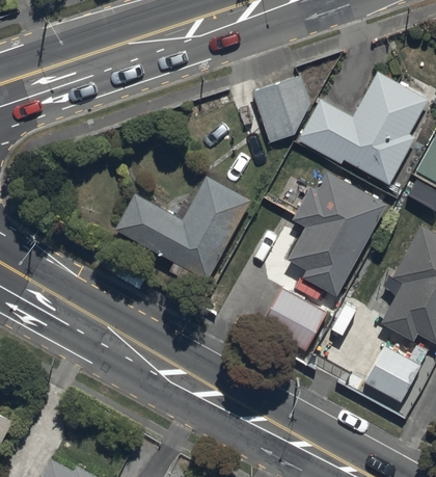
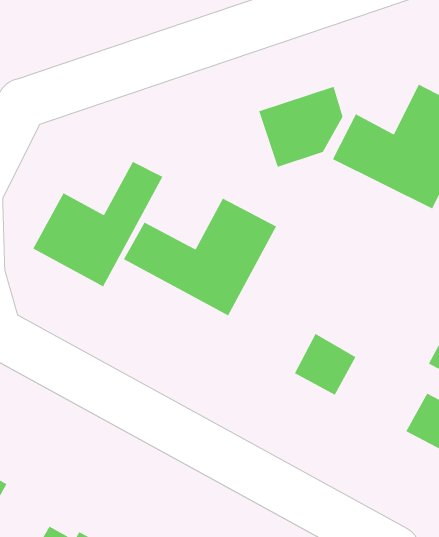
building: none -> [32,161,163,287]
building: [287,169,385,290] -> none

